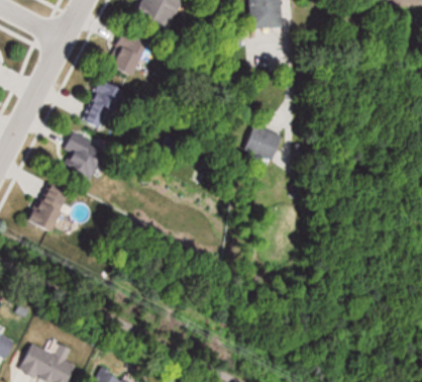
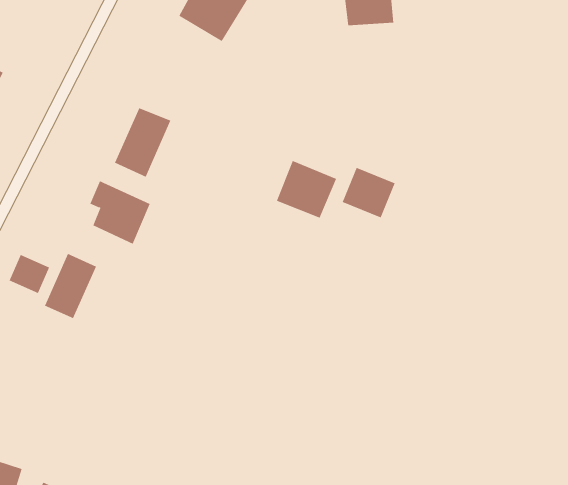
building: [105,26,148,75] -> none
building: none -> [276,160,337,218]
building: none -> [9,254,50,294]

